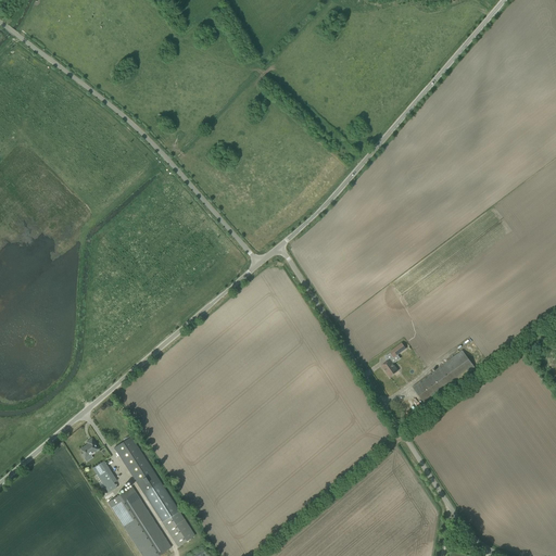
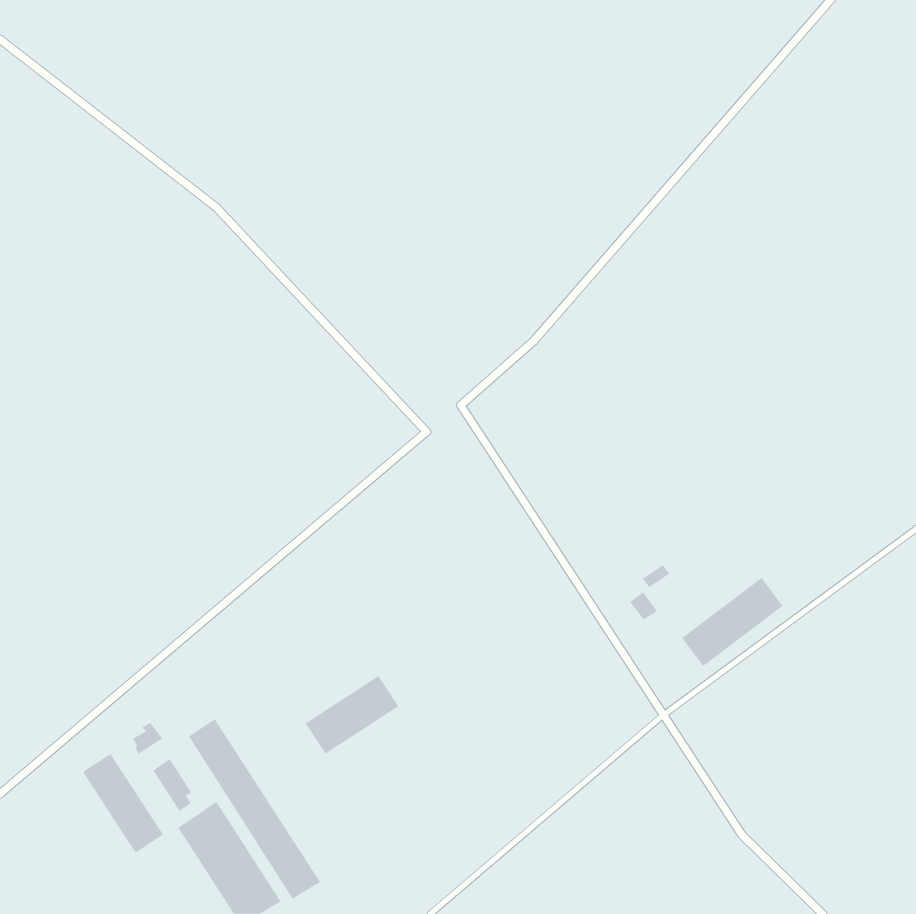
building: none -> [305,675,399,754]
building: none -> [82,753,164,853]

